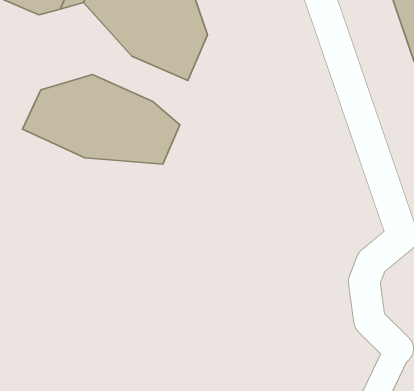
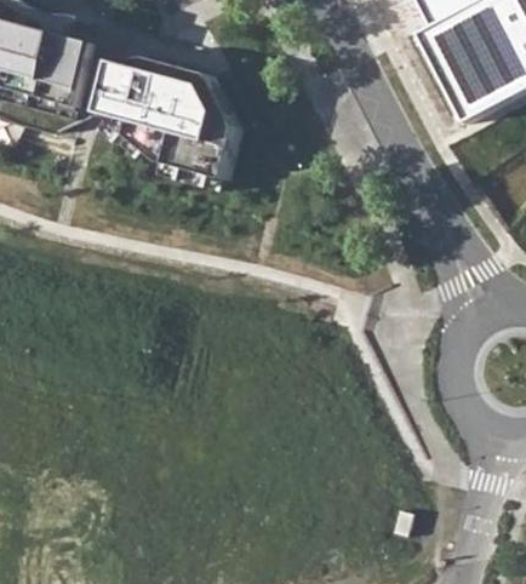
building: [22,75,180,164] -> none

